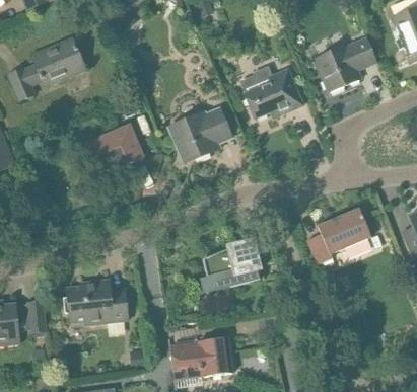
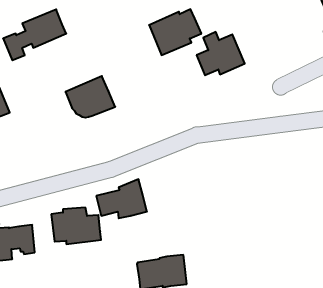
building: [314,38,375,91] -> none
building: [167,106,231,162] -> [149,9,201,55]
building: [306,208,370,263] -> none
building: [202,237,264,285] -> [96,179,147,218]

